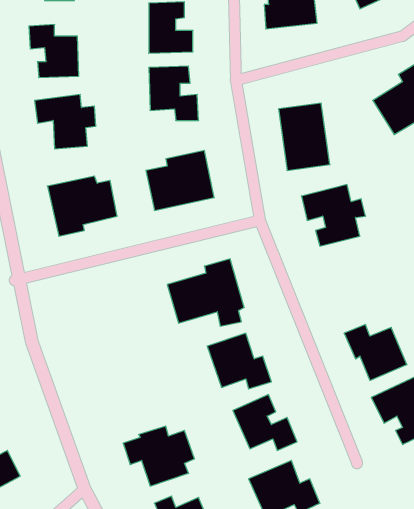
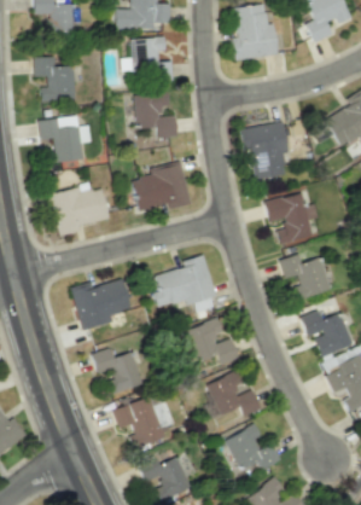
building: none -> [280,254,331,300]
building: none -> [71,279,130,330]
building: none -> [92,349,142,394]

